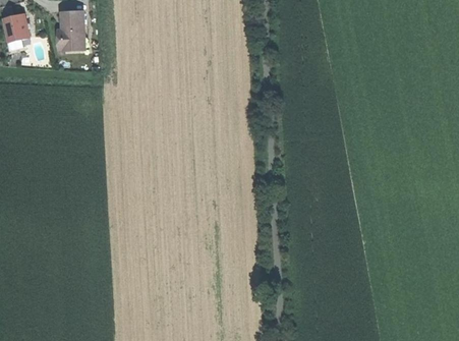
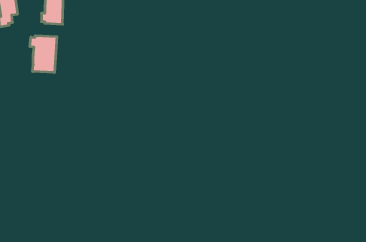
building: none -> [30,36,57,73]

